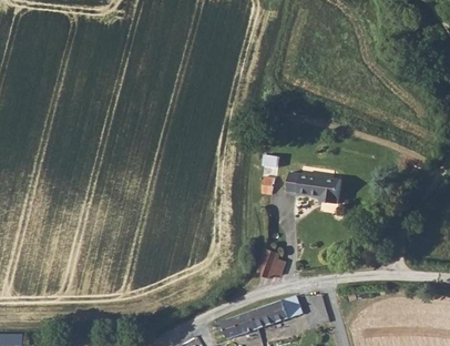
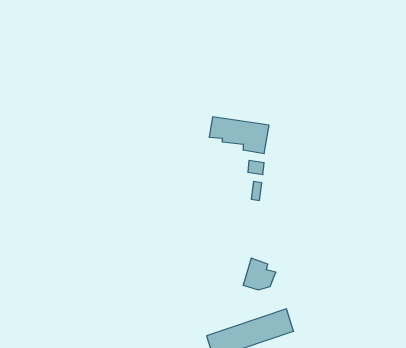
building: [284,167,340,202] -> [209,117,269,153]

